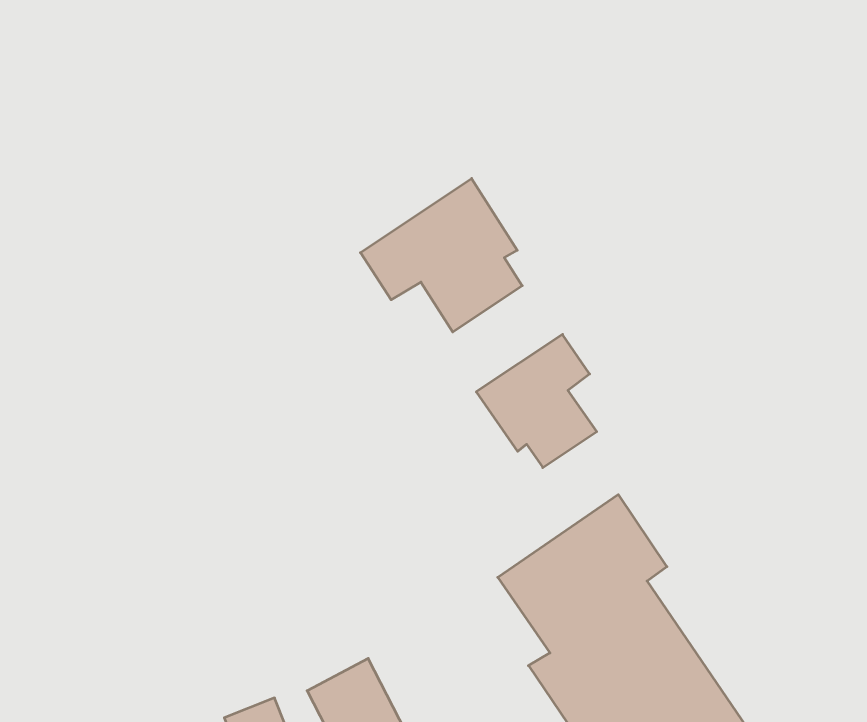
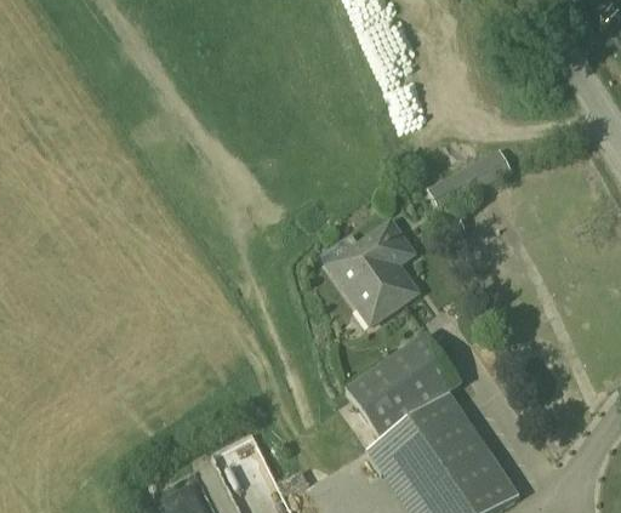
building: [360,178,522,332] -> none
building: none -> [425,152,507,212]

